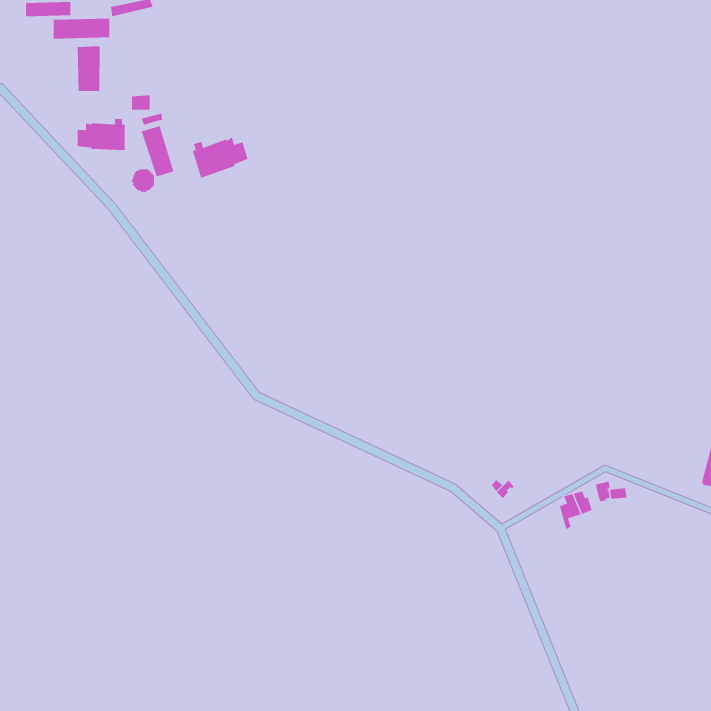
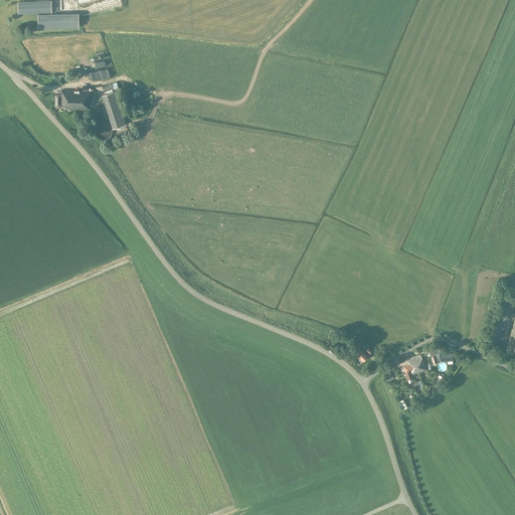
building: [77,46,100,92] -> none
building: [192,137,248,179] -> none

